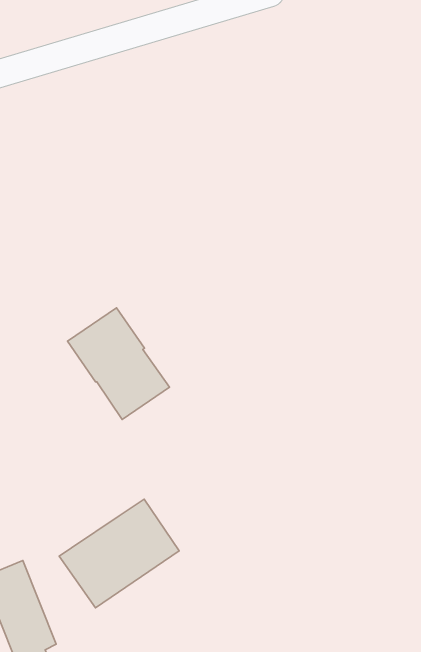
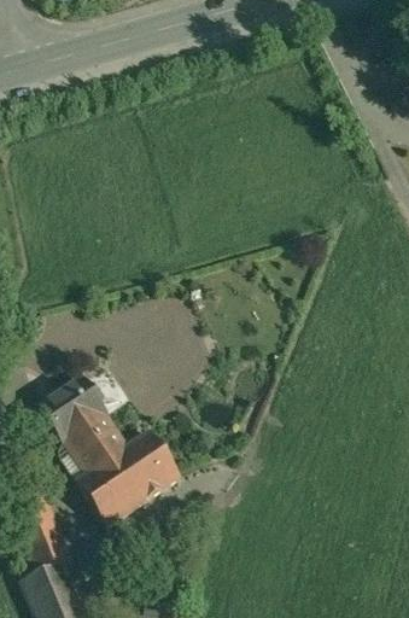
building: [68,308,169,419] -> [40,378,128,474]

